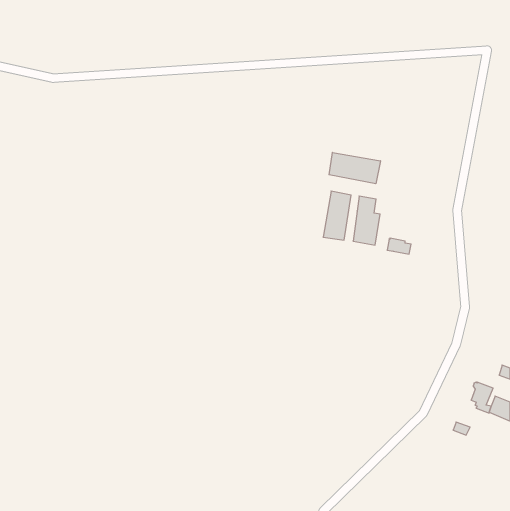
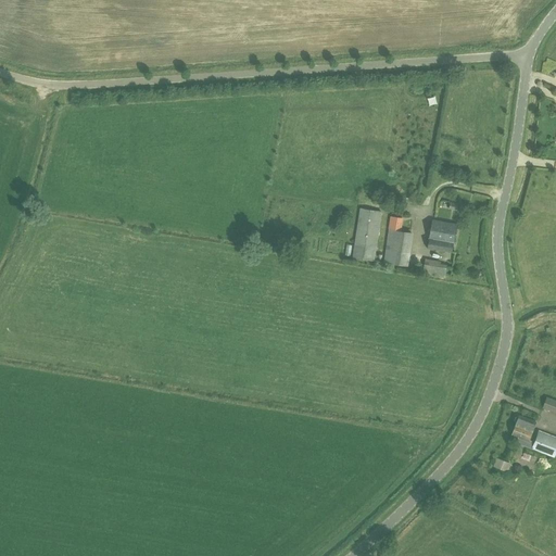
building: [329,152,380,184] -> none
building: none -> [427,220,456,252]

